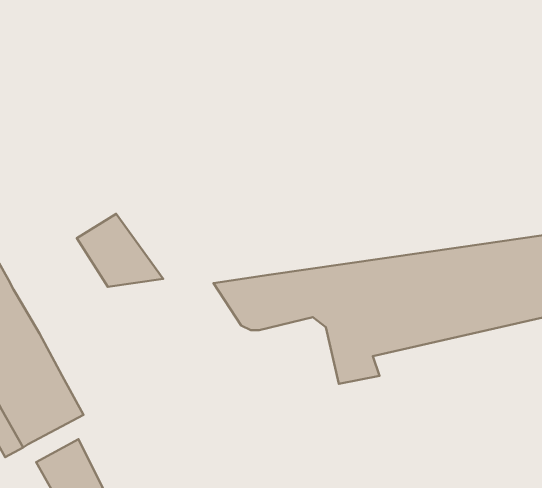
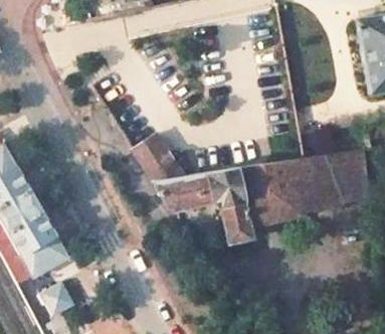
building: [77,214,163,287] -> [133,136,186,181]

